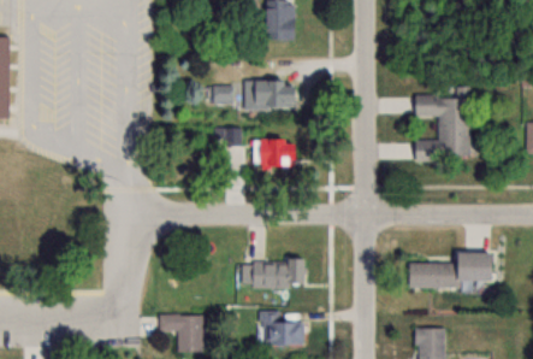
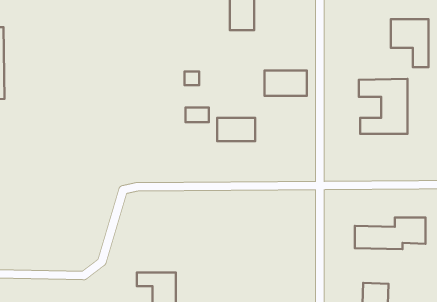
building: none -> [391,19,429,67]
building: [244,81,292,110] -> [264,71,307,96]
building: [242,261,303,288] -> none
building: [262,311,303,345] -> none

